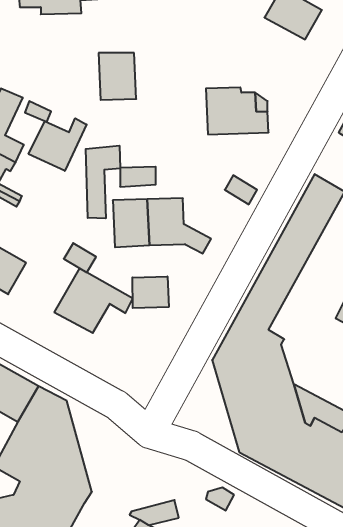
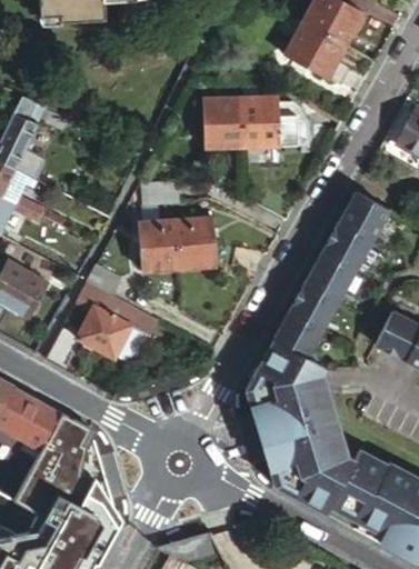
building: none -> [283,23,348,87]
building: [99,53,136,100] -> [201,99,241,149]
building: [29,118,87,171] -> none
building: [86,146,120,218] -> none
building: [132,276,169,308] -> none

